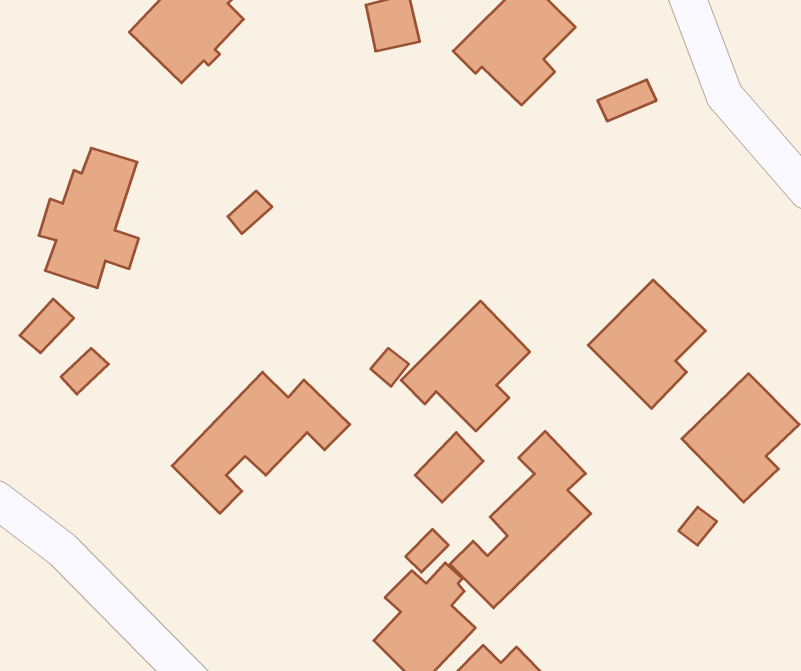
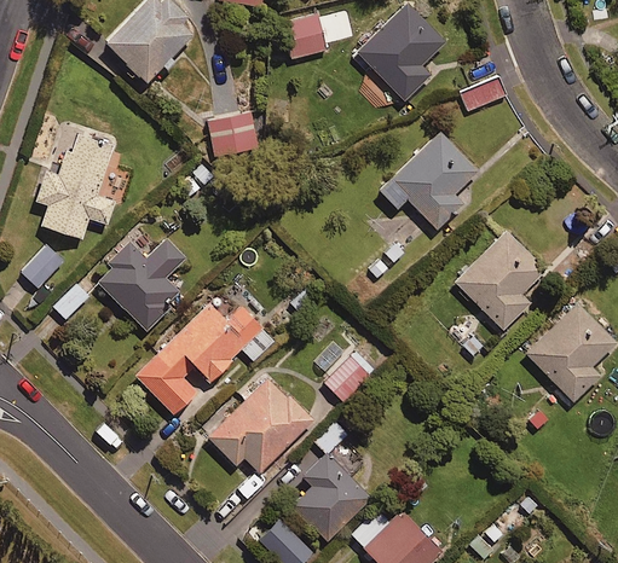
building: none -> [207,114,258,155]
building: none -> [96,238,189,330]
building: [401,301,530,431] -> [380,130,478,230]
building: [450,431,591,608] -> none
building: none -> [206,371,312,472]

